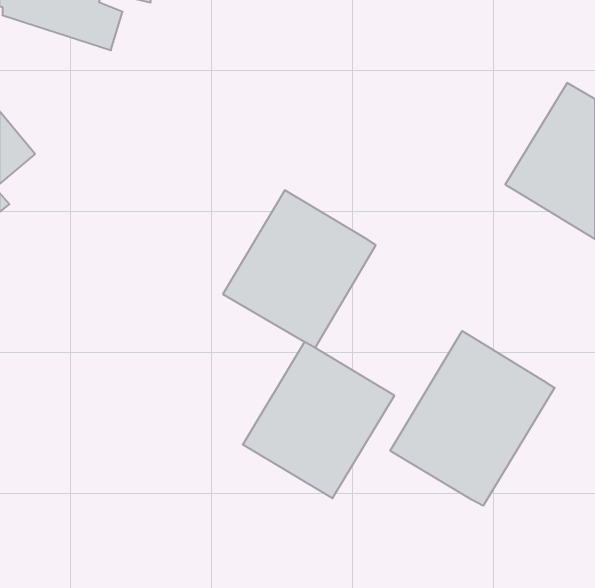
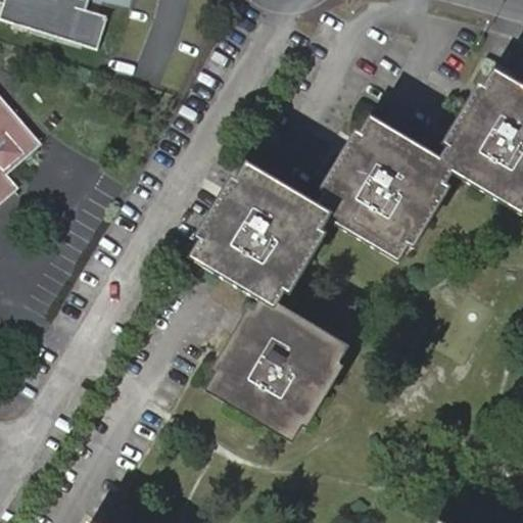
building: none -> [320,120,453,257]
building: [390,331,555,506] -> none

